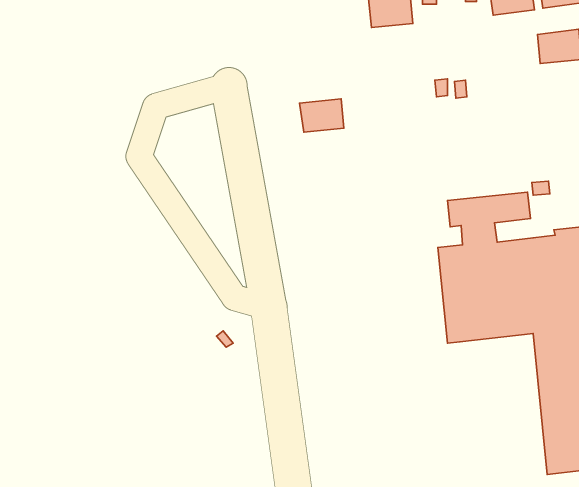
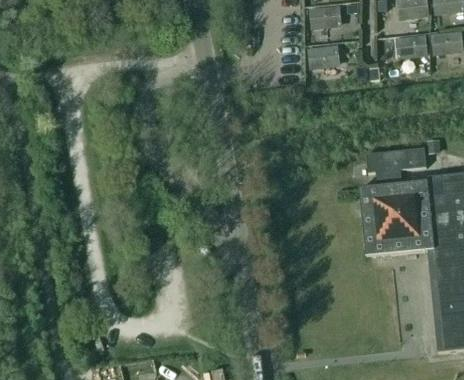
building: none -> [395,33,428,59]
building: [300,99,344,132] -> [307,44,339,68]

